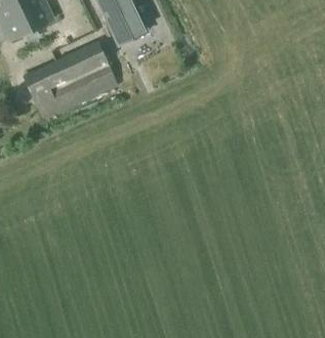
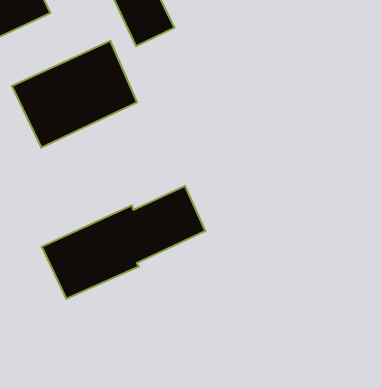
building: none -> [42,186,205,299]

